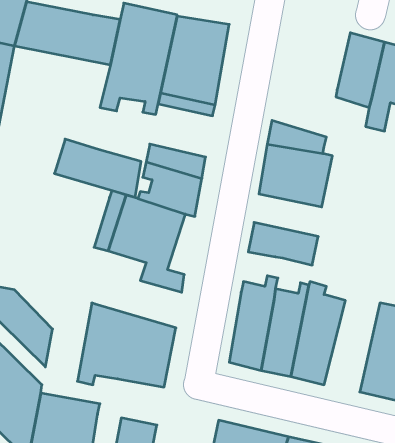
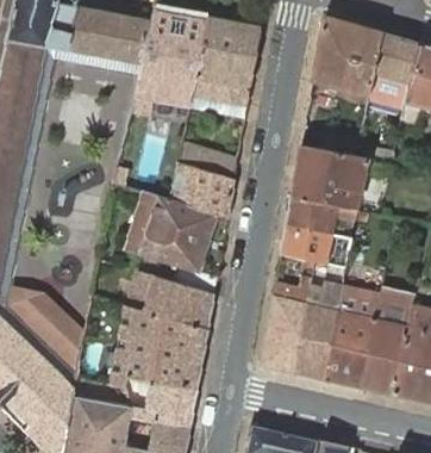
building: none -> [312,17,383,98]
building: [54,139,141,197] -> [127,272,214,330]
building: none -> [287,196,356,238]
building: none -> [357,286,416,395]
building: none -> [130,381,196,428]

